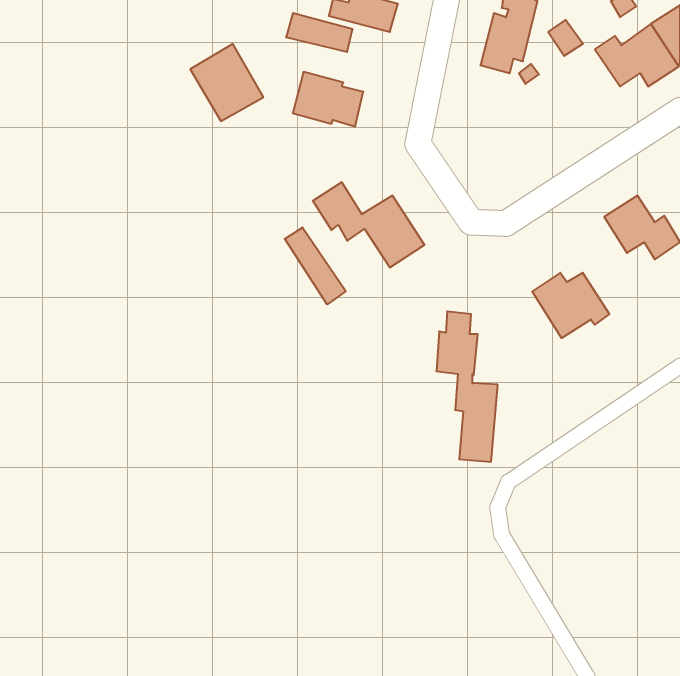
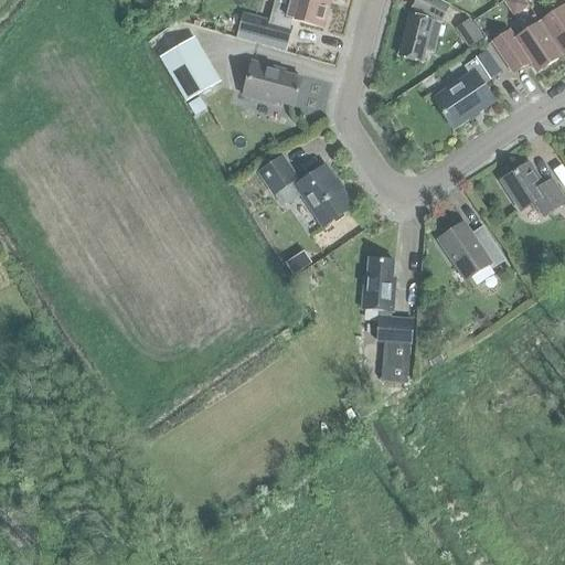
building: none -> [434,50,501,127]
building: [285,227,346,304] -> none

